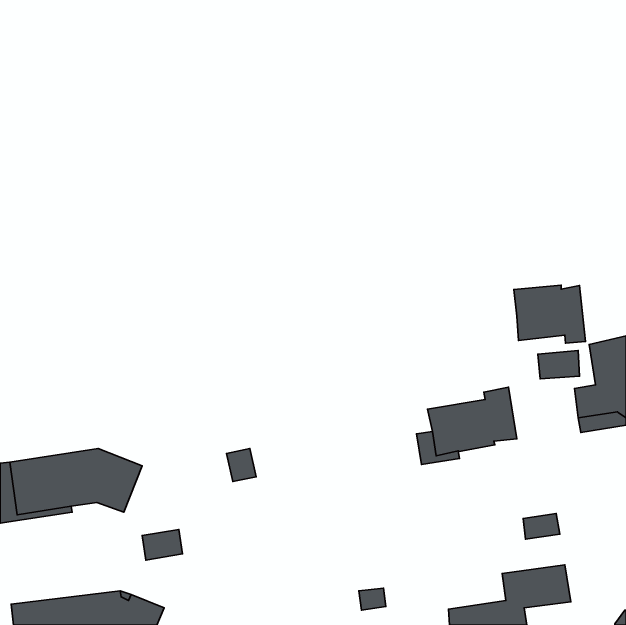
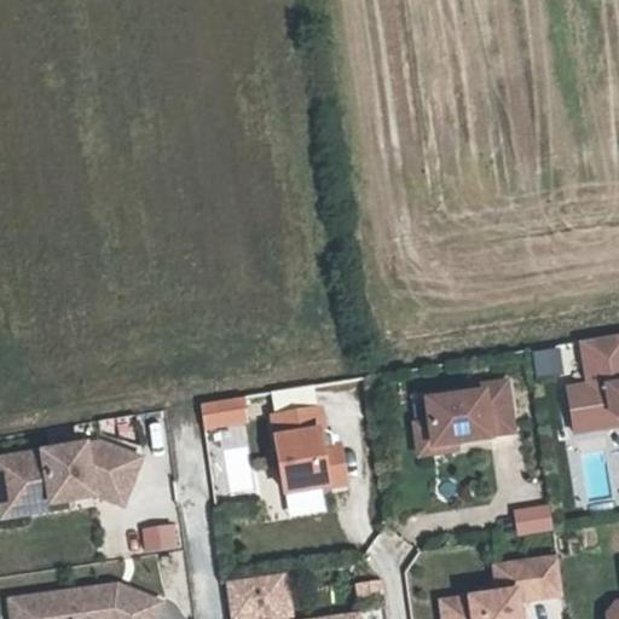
building: [514,285,585,343] -> none
building: none -> [198,398,245,428]
building: none -> [270,413,342,497]
building: none -> [225,577,283,609]

